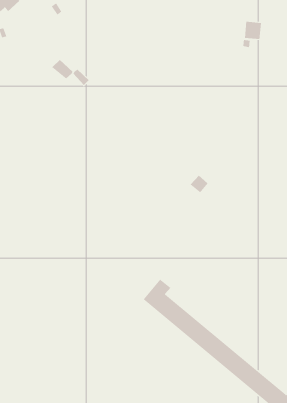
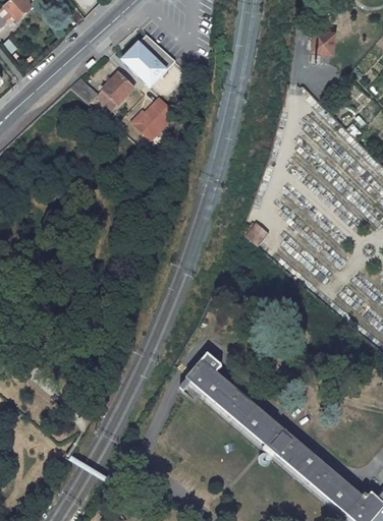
building: none -> [120,39,168,85]
building: none -> [104,72,134,103]
building: none -> [130,95,177,139]

